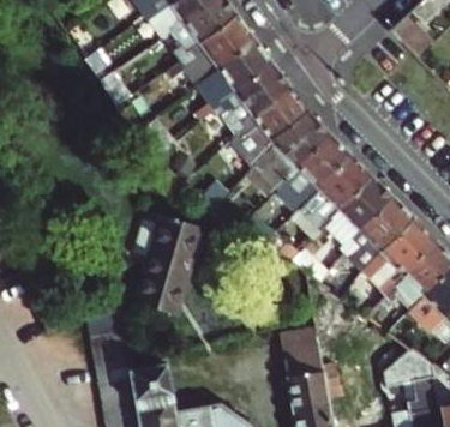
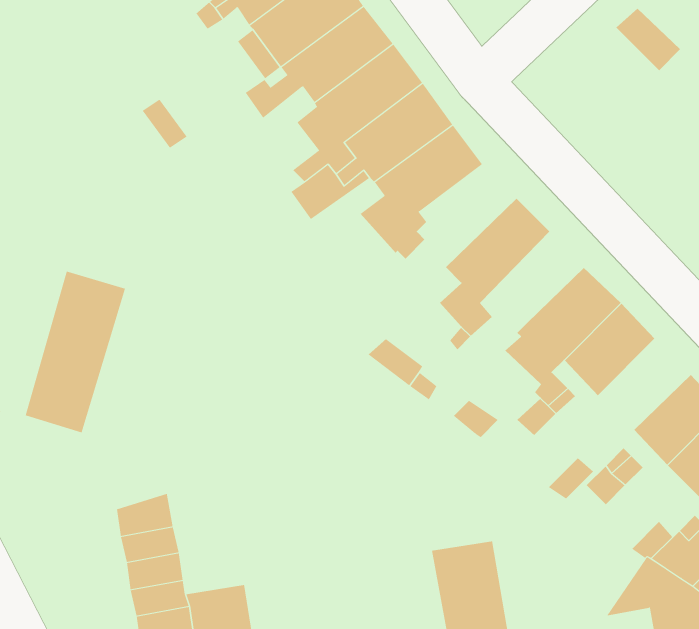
building: [246,112,330,188] -> none
building: [308,152,371,208] -> none
building: [379,217,436,272] -> none
building: [140,219,202,318] -> [25,271,126,433]

